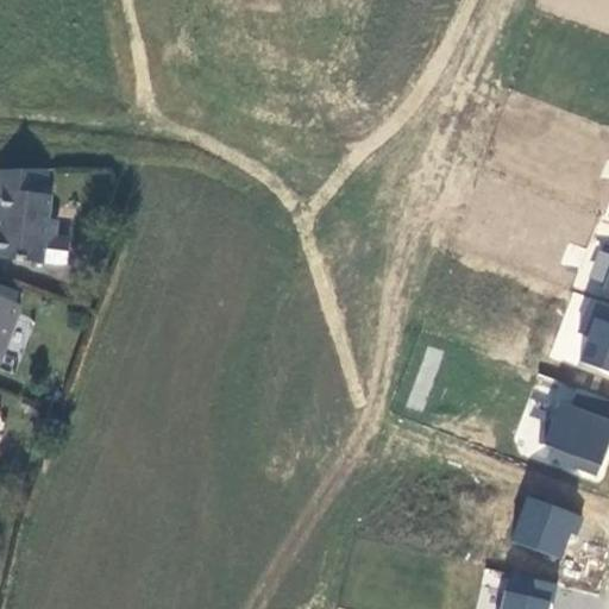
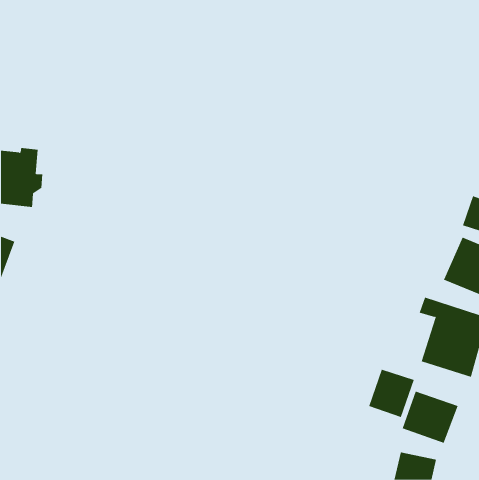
building: none -> [369,369,415,418]

